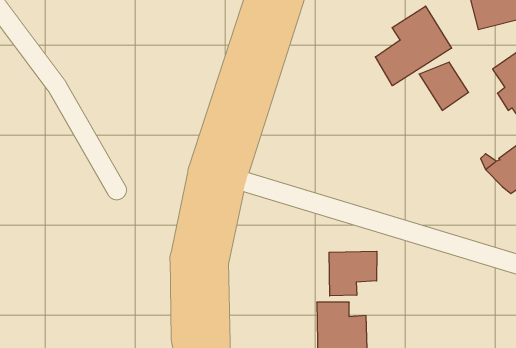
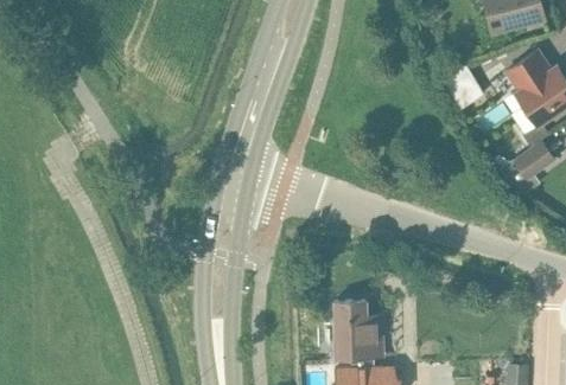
building: [375,6,452,86] -> none
building: [329,251,377,296] -> none

